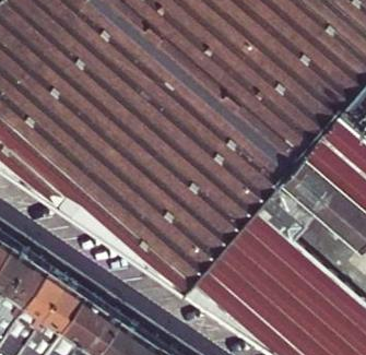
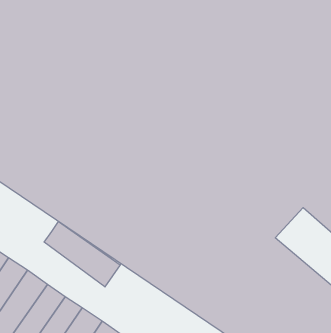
building: none -> [44,221,120,287]

